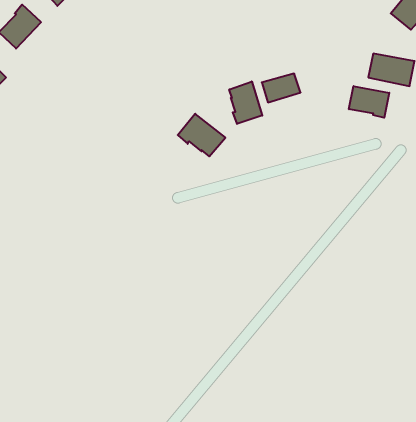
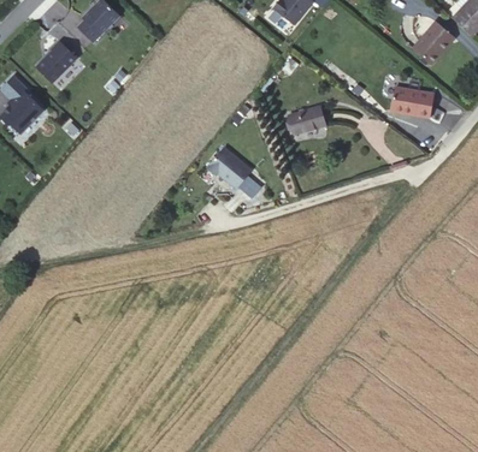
building: [229,81,262,124] -> none
building: [349,86,389,118] -> none

